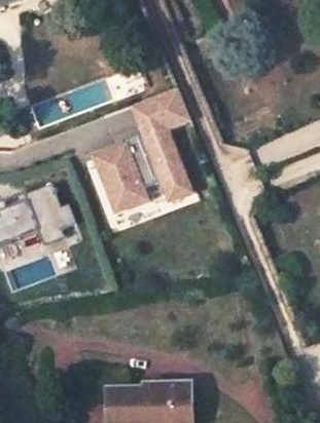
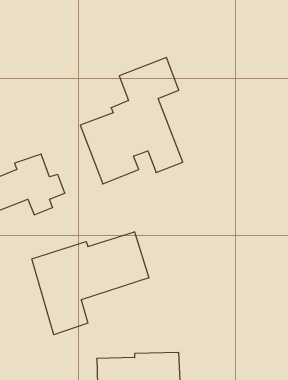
building: none -> [32,232,149,335]

